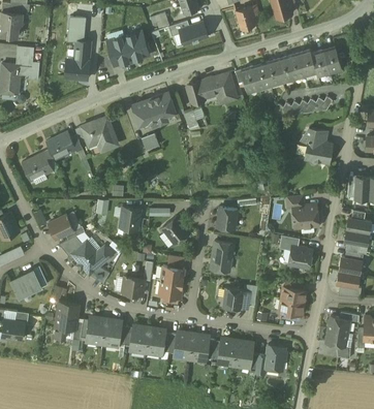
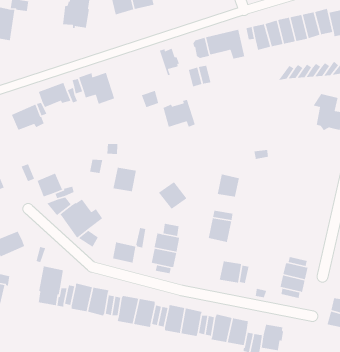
building: [133,96,165,124] -> [162,99,196,128]
building: [287,195,318,227] -> none
building: [280,235,312,269] -> none

